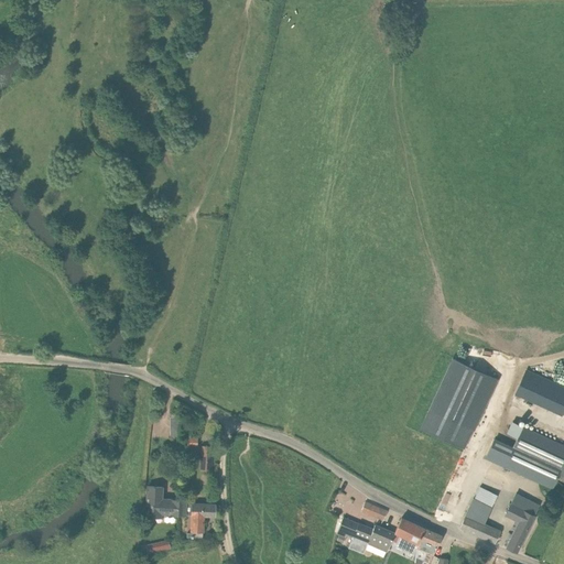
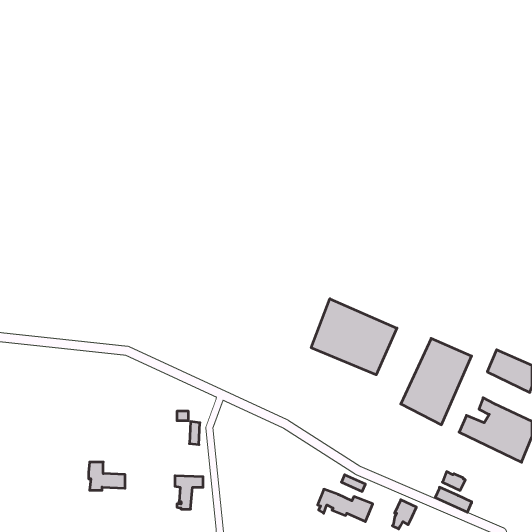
building: none -> [311,299,397,375]
building: [147,487,185,517] -> [89,462,125,490]
building: [506,494,540,551] -> none
building: [394,518,424,552] -> none

